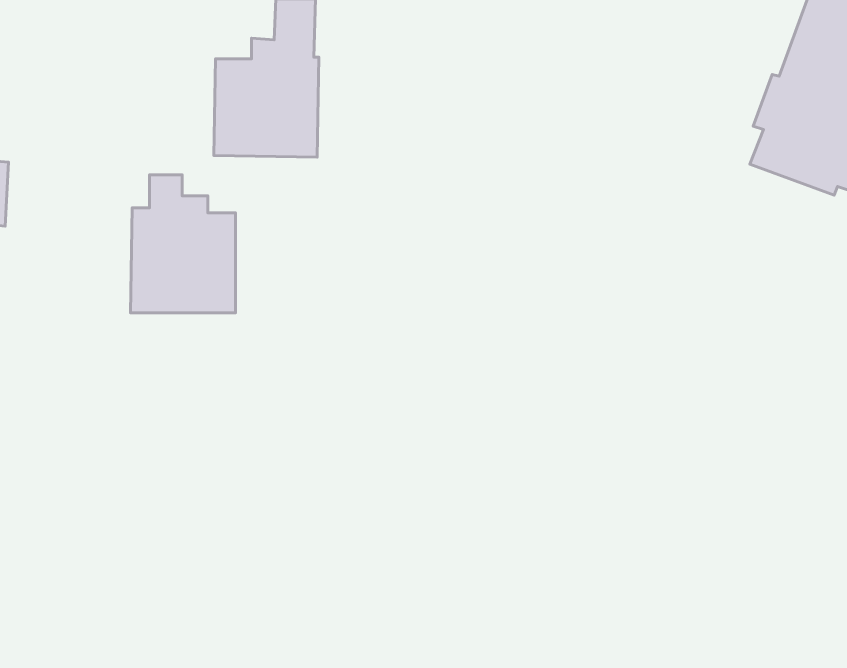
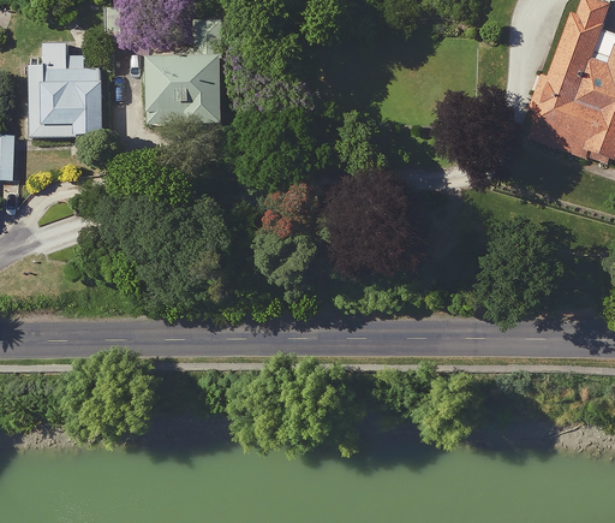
building: [130,175,236,313] -> [29,40,102,136]

